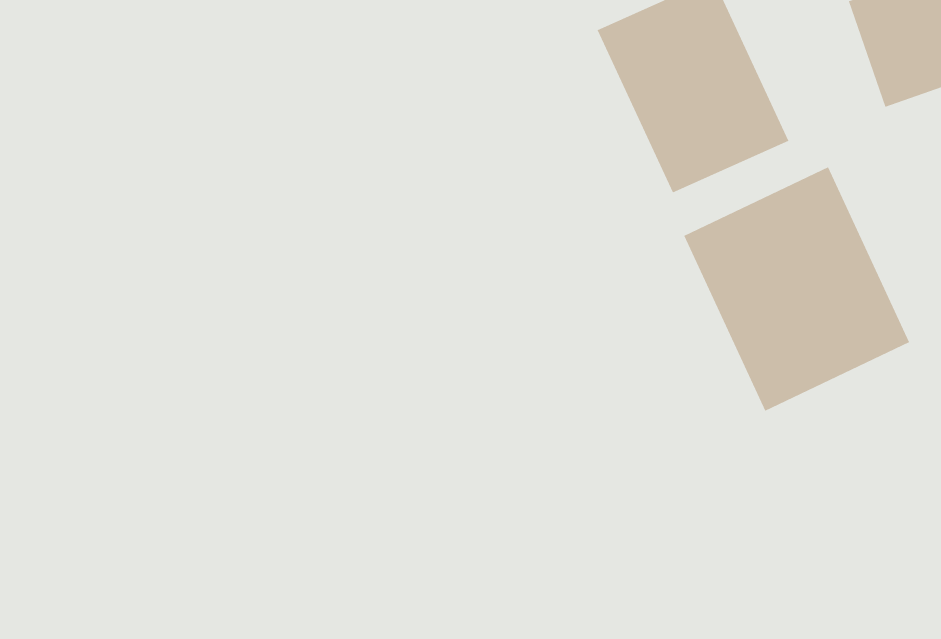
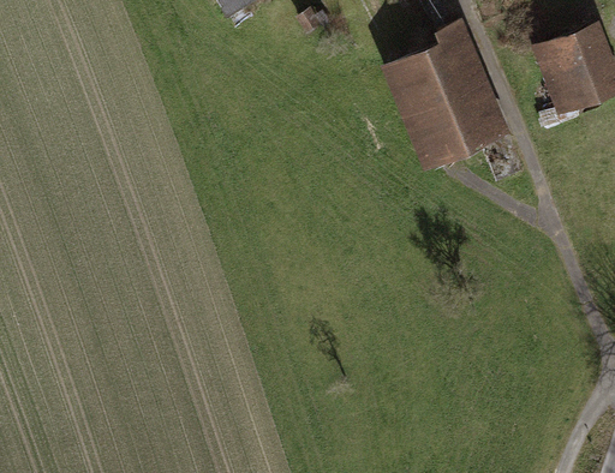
building: [683,166,910,412] -> none

